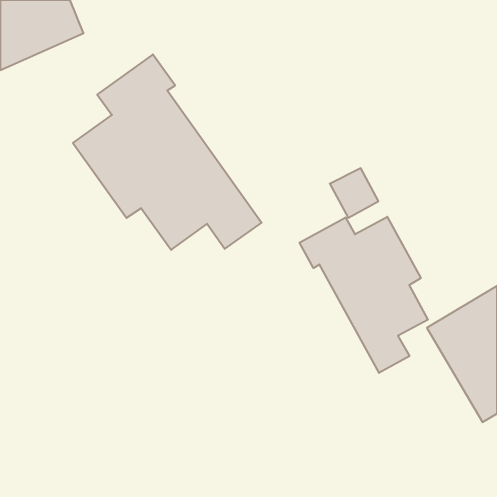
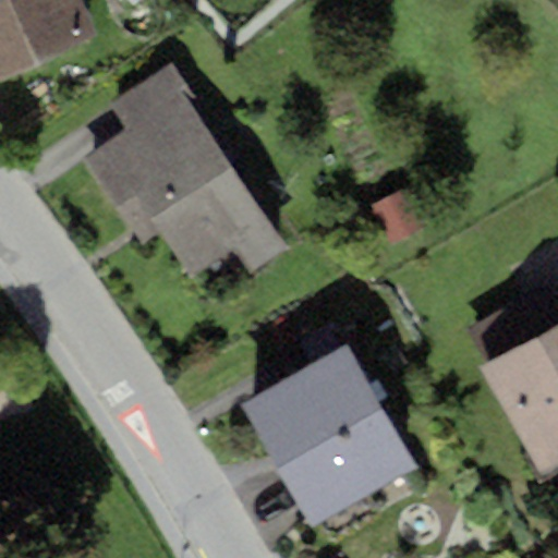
building: [300,217,428,373] -> none
building: none -> [240,343,415,526]

